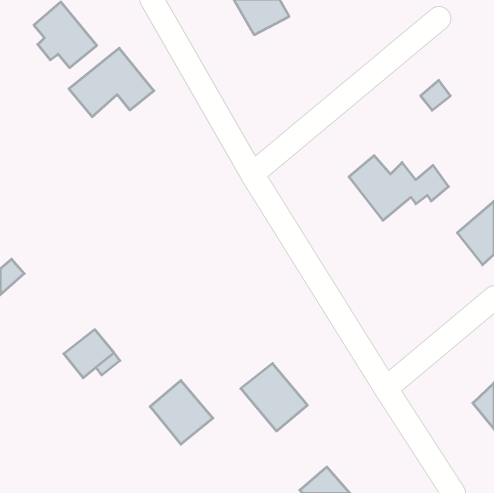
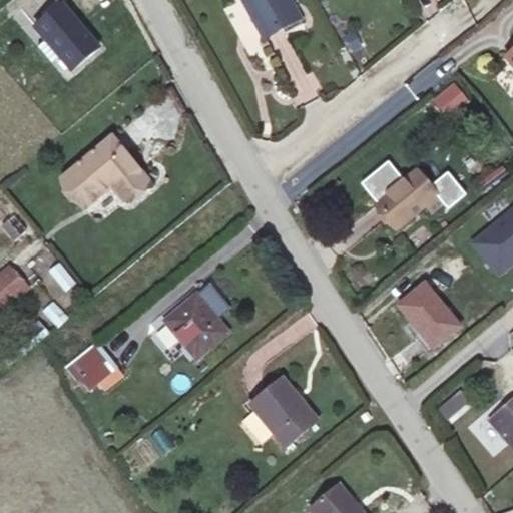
building: [69,48,154,117] -> [61,136,149,207]
building: none -> [399,282,461,348]
building: [150,380,213,444] -> [165,293,230,359]

